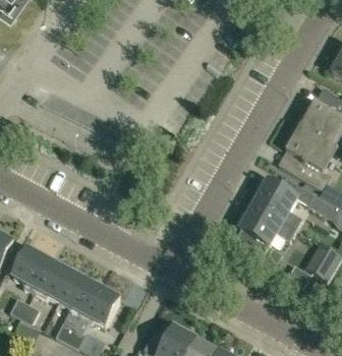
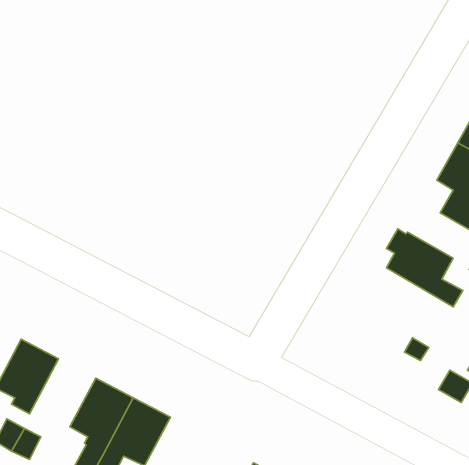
building: [238,202,298,252] -> none
building: [33,259,74,302] -> none

